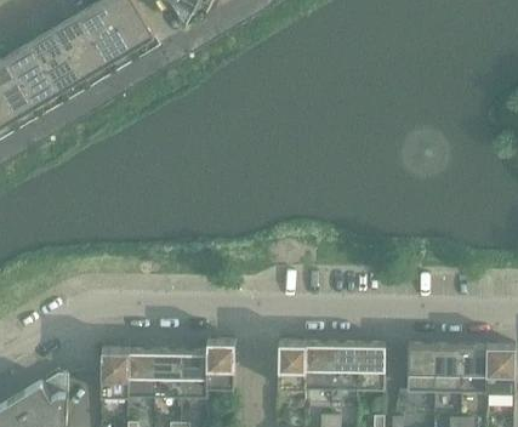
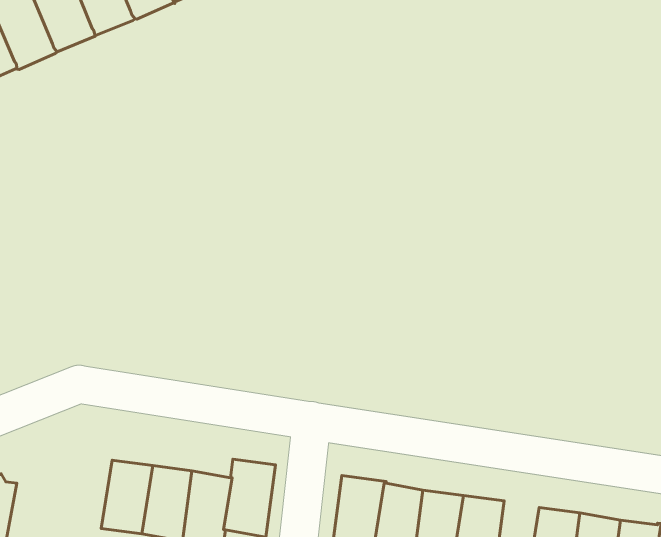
building: [99,351,129,398] -> none

